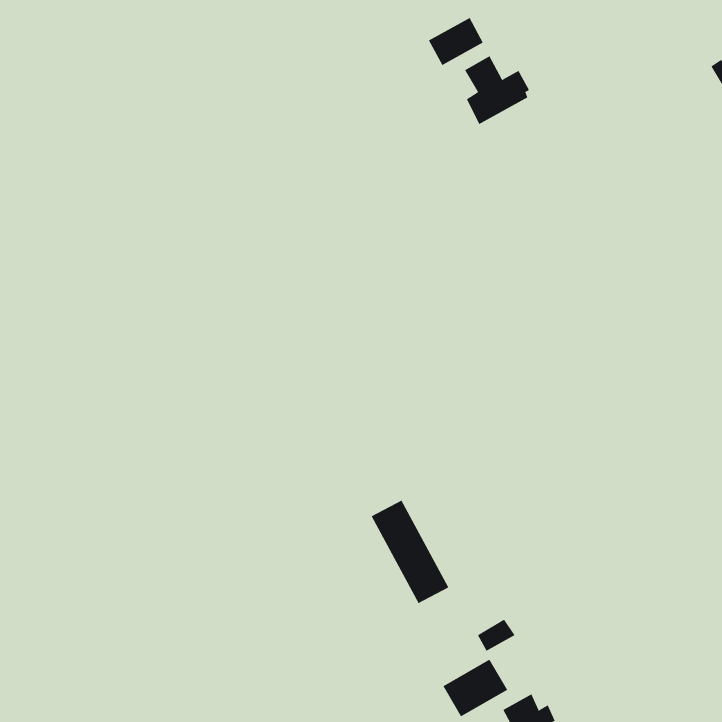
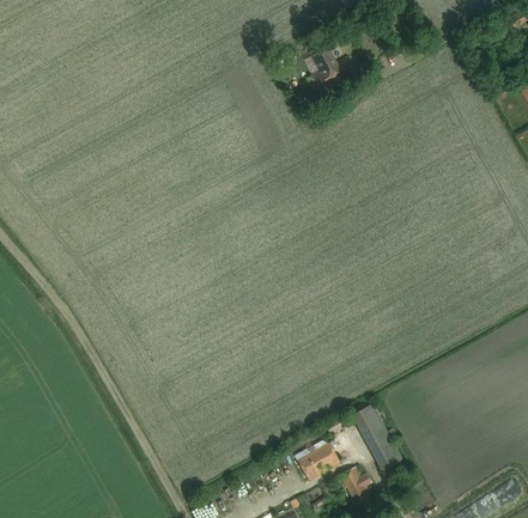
building: [428,17,484,66] -> none
building: [371,500,449,604] -> [352,400,403,468]

